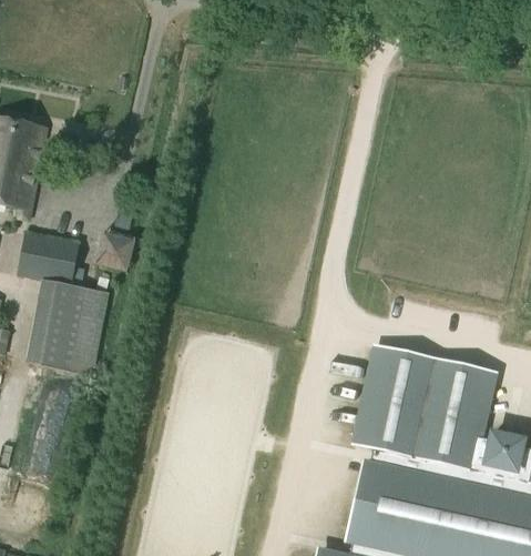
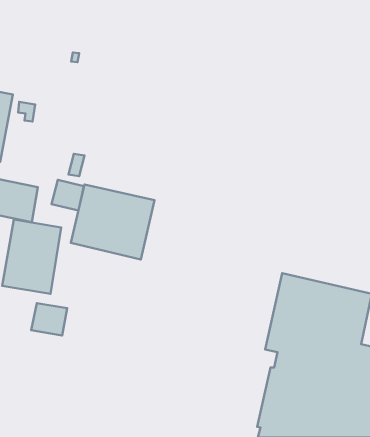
building: none -> [71,184,155,259]
building: none -> [31,303,67,335]

